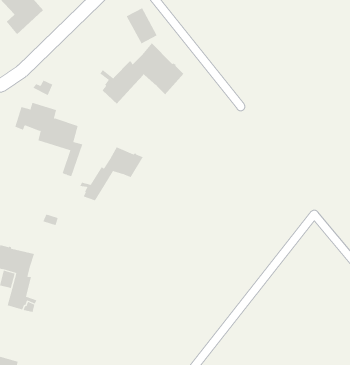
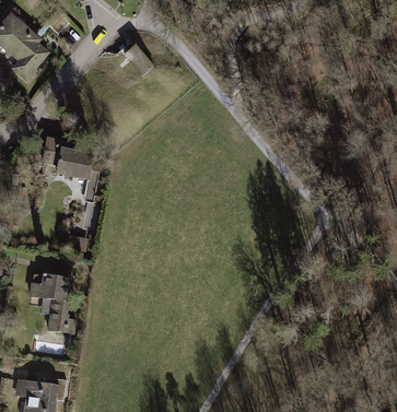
building: [99,42,184,105] -> none
building: [80,147,144,201] -> none

